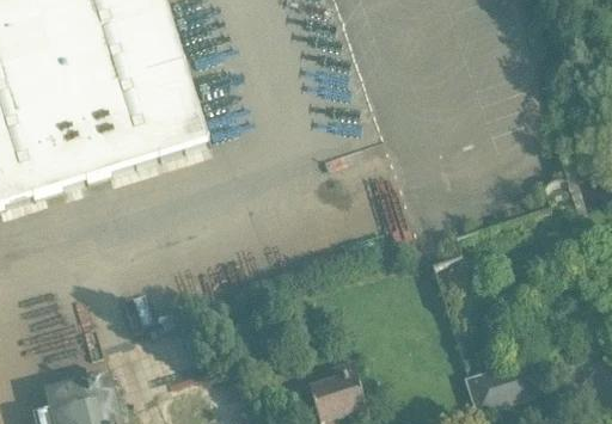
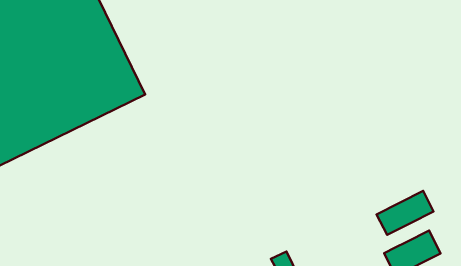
building: none -> [377,191,434,235]

